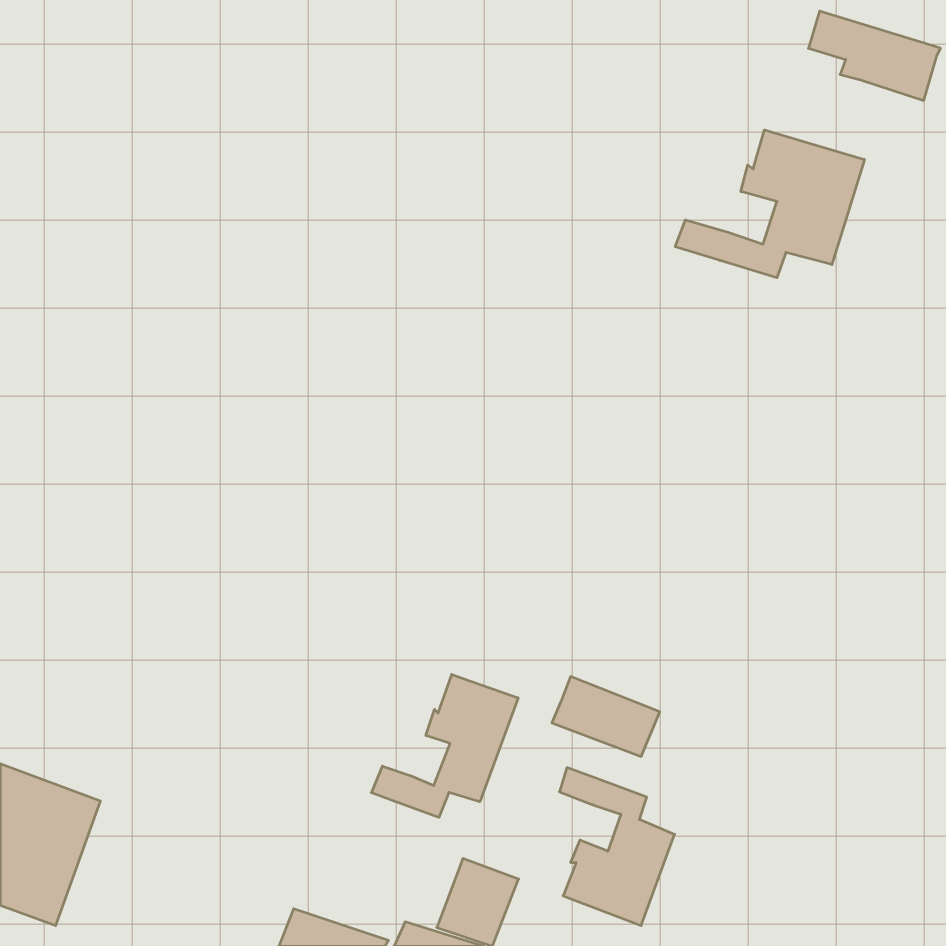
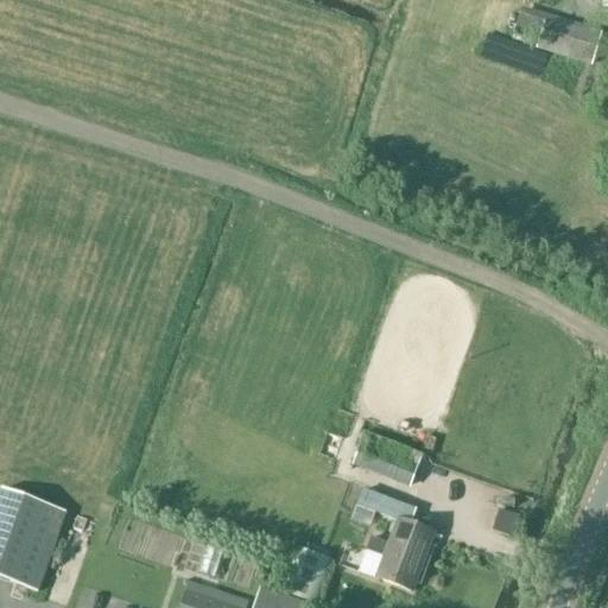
building: [675,130,864,278] -> none
building: [371,674,518,817] -> none

